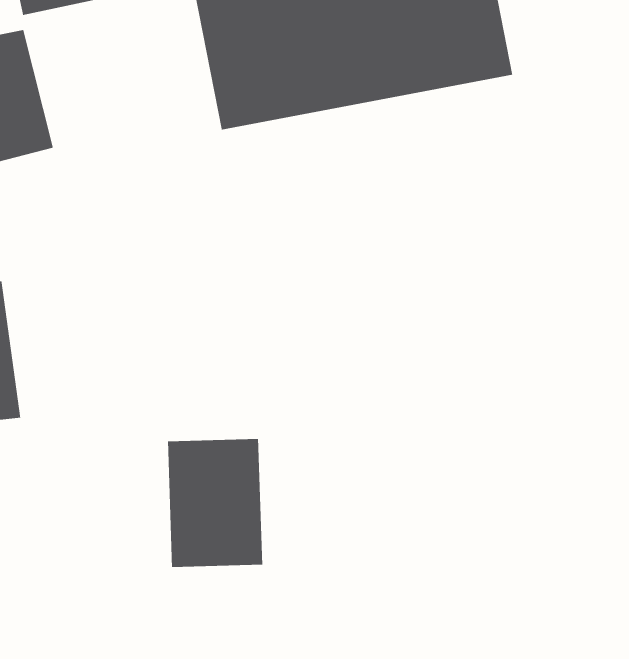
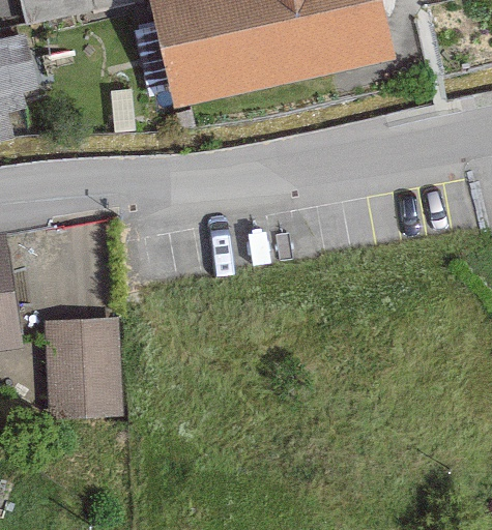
building: [167,438,263,568] -> [41,307,115,407]

